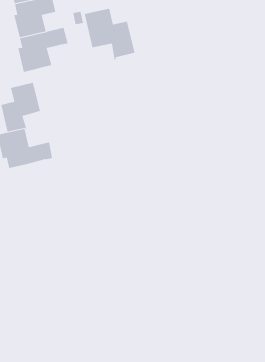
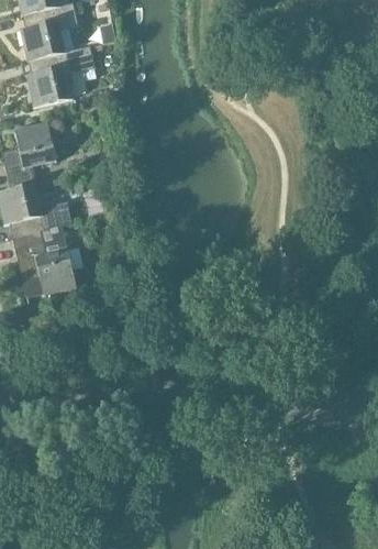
building: [84,8,135,60] -> none
building: none -> [13,226,84,299]

